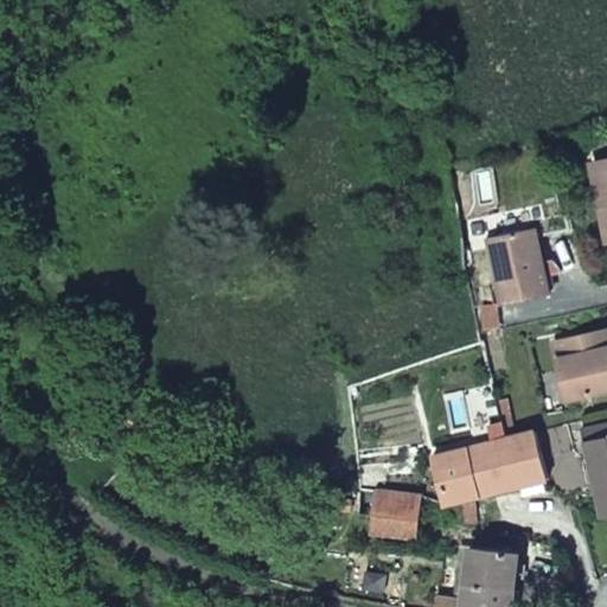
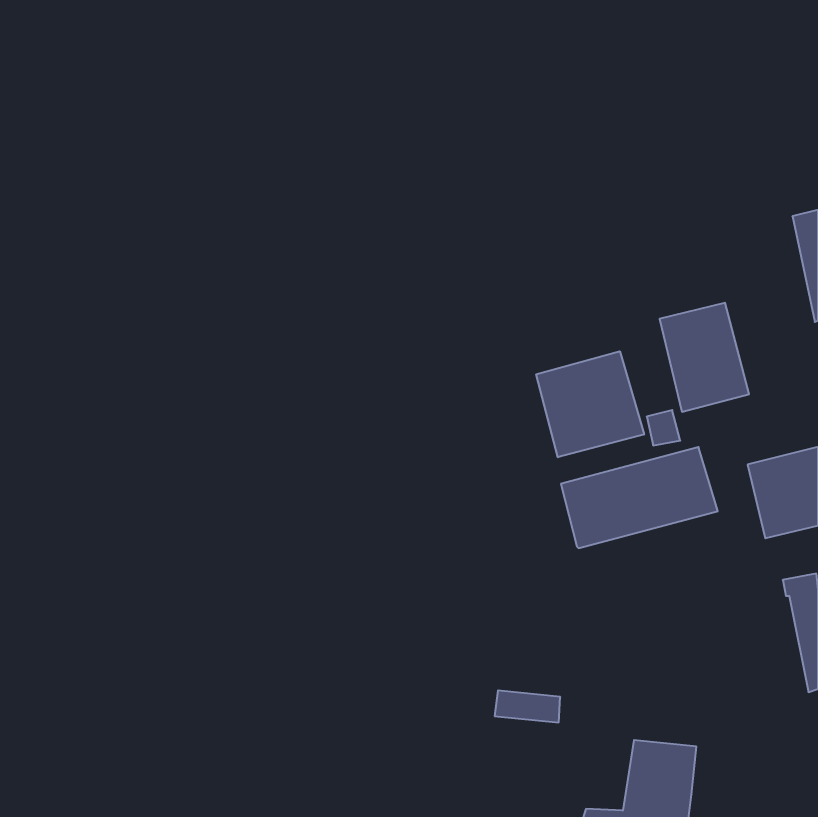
building: none -> [536,351,644,457]
building: [430,429,547,504] -> [561,447,718,548]
building: [353,486,417,517] -> none

